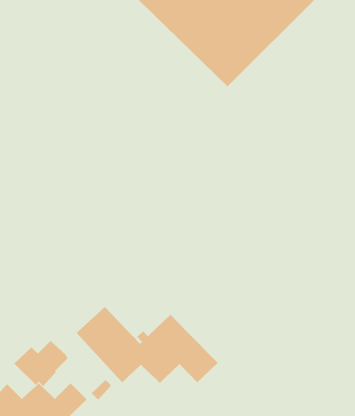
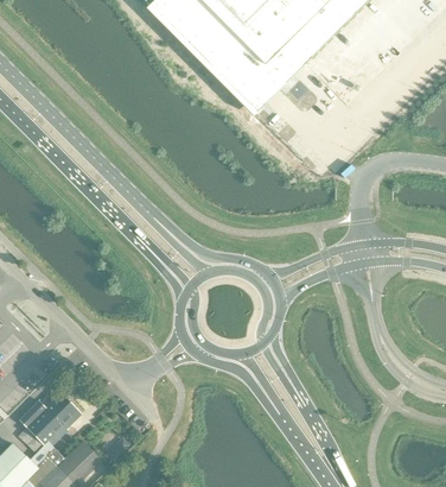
building: [76,306,218,384] -> none

